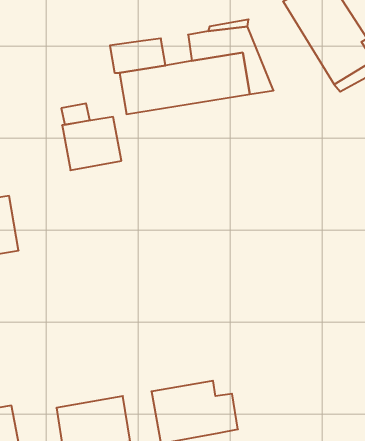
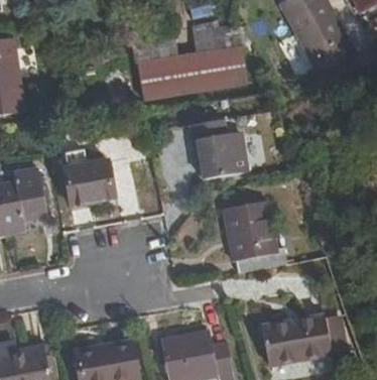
building: [62,117,121,170] -> [65,160,115,206]
building: none -> [192,123,249,182]
building: none -> [228,203,283,271]
building: none -> [264,319,332,363]

